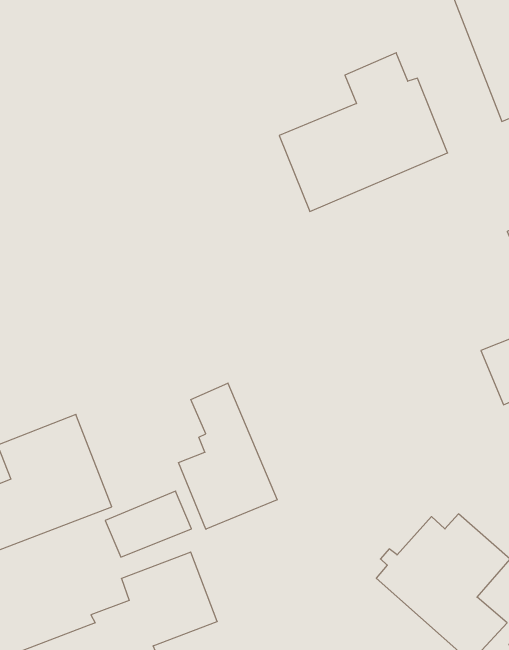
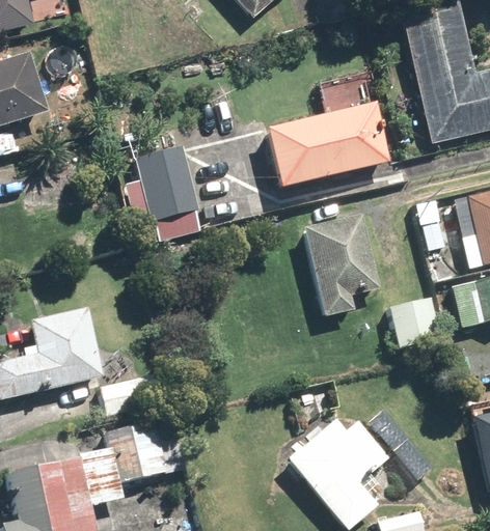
building: none -> [139,166,197,222]
building: none -> [305,216,381,315]
building: [178,383,277,529] -> none

